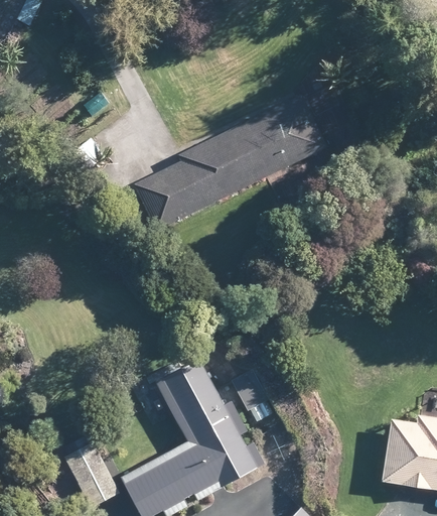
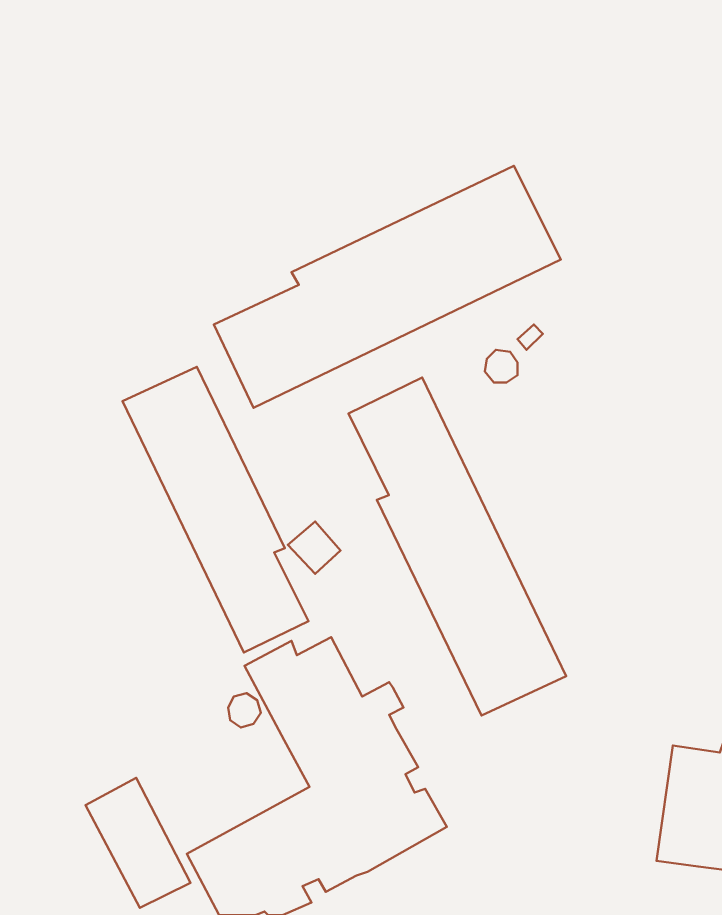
building: none -> [123,367,308,653]
building: none -> [348,378,566,715]

